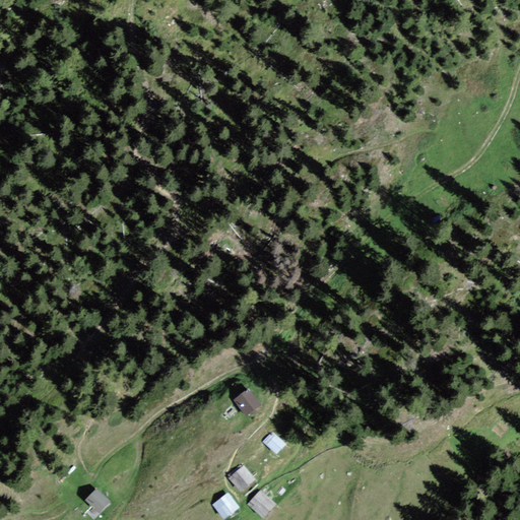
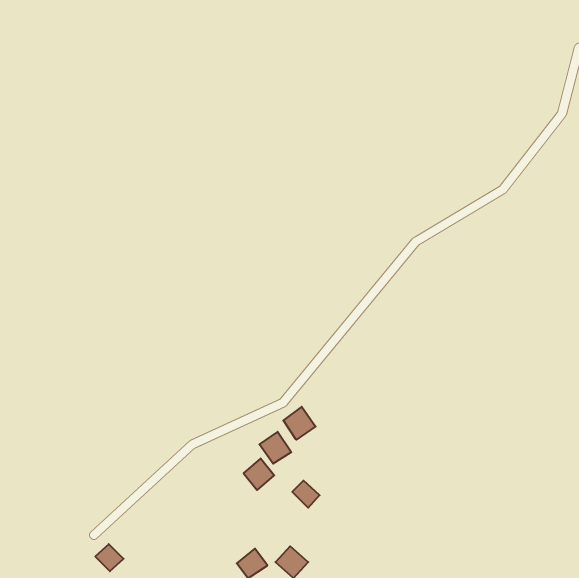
building: none -> [283,407,316,440]
building: [229,464,256,493] -> [244,458,274,490]

